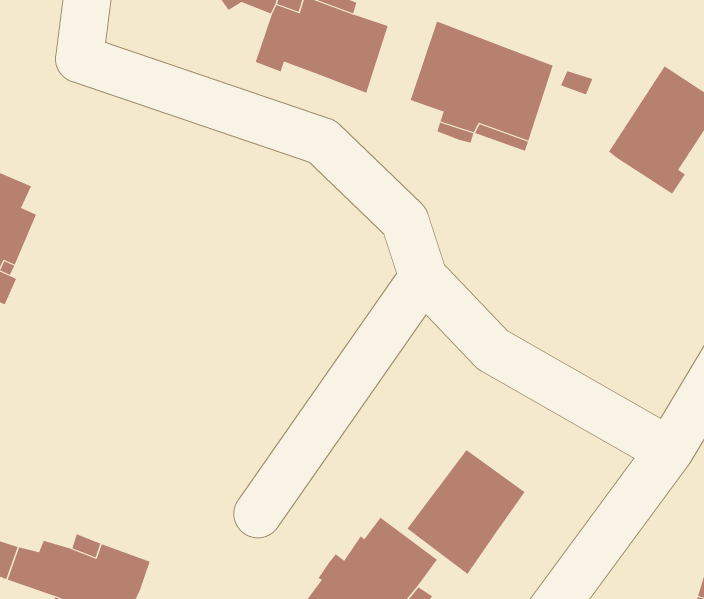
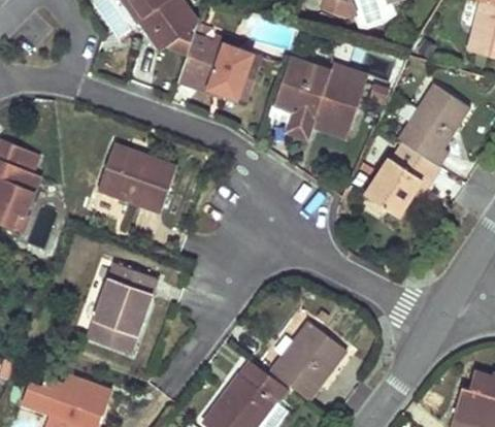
building: none -> [367,140,440,215]
building: none -> [98,141,176,211]
building: none -> [89,262,157,351]

